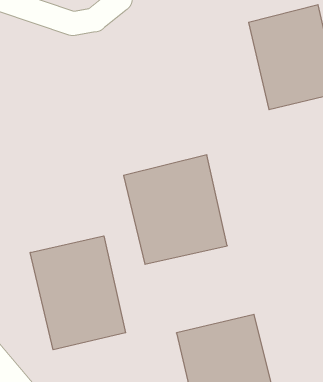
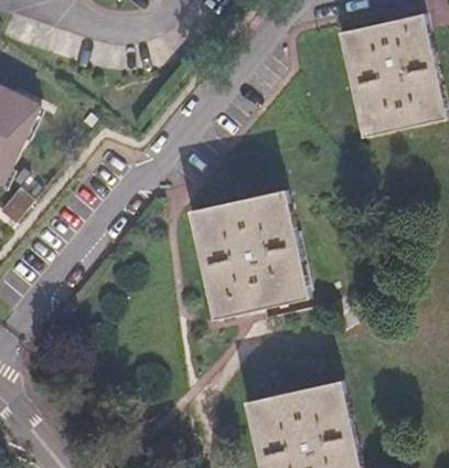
building: [30,236,126,350] -> none

